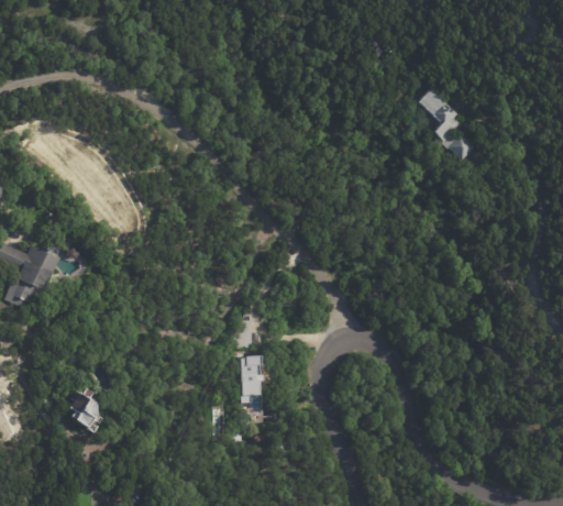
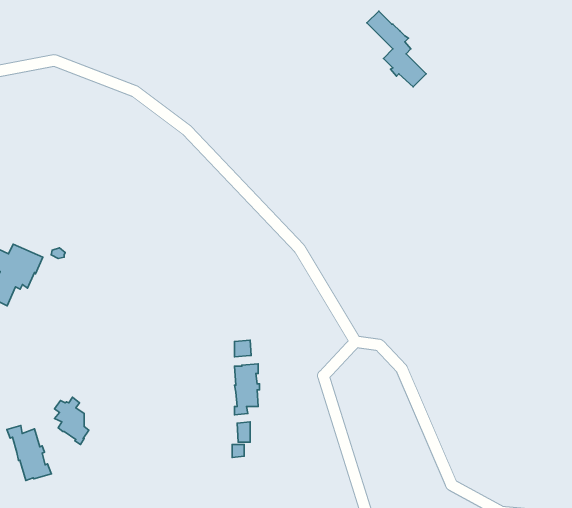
building: [419,91,474,162] -> [367,11,426,87]
building: none -> [7,426,51,480]

